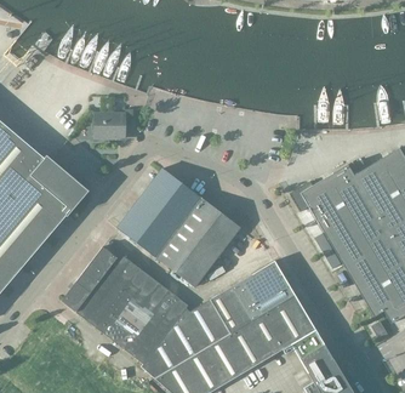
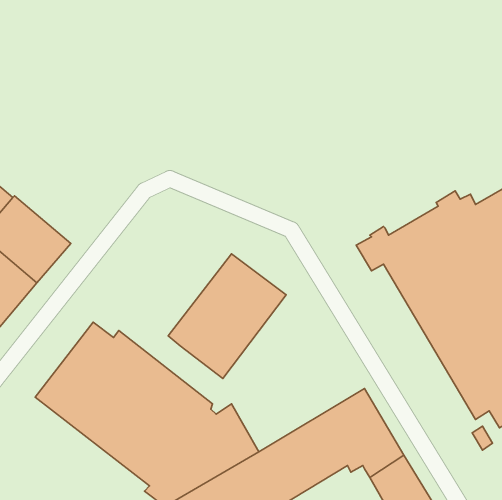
building: [93,109,132,139] -> none
building: [116,169,200,257] -> none
building: [200,261,295,338] -> none

